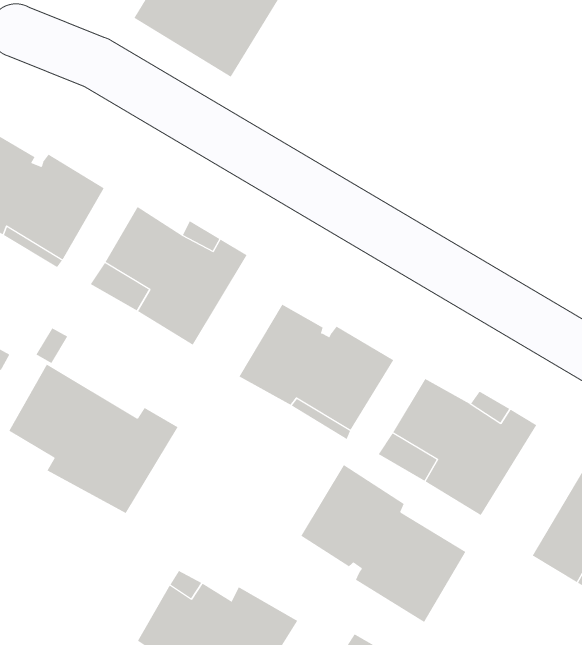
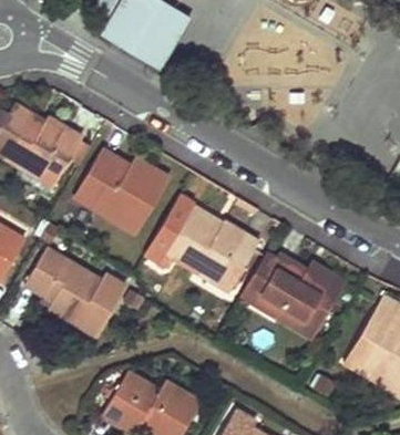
building: [300,464,466,623] -> none

